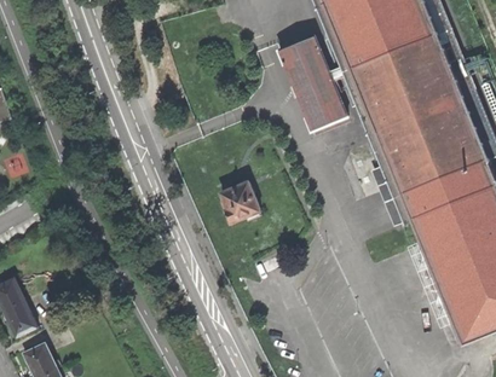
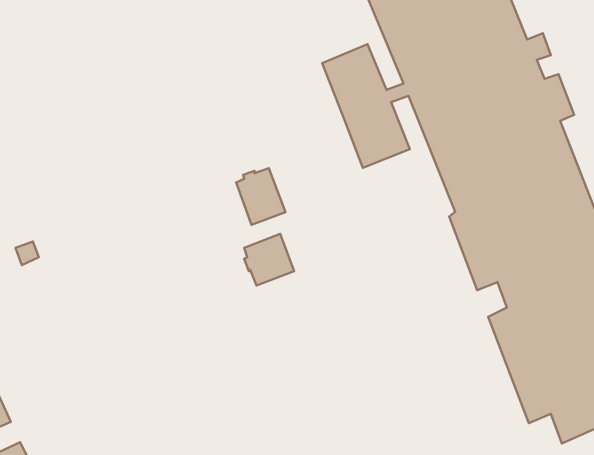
building: none -> [236,168,285,225]

